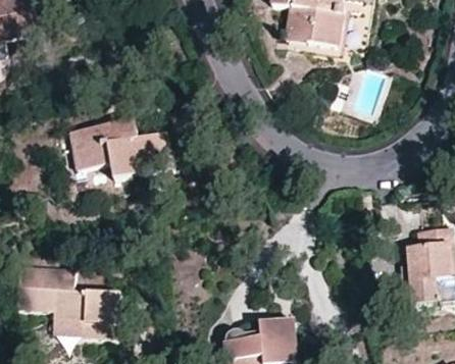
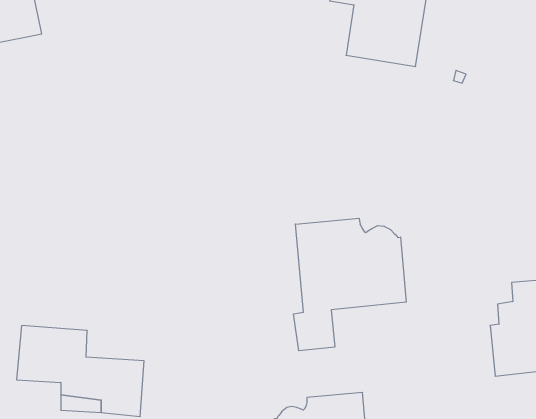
building: [68,119,174,178] -> none
building: none -> [294,218,406,351]

